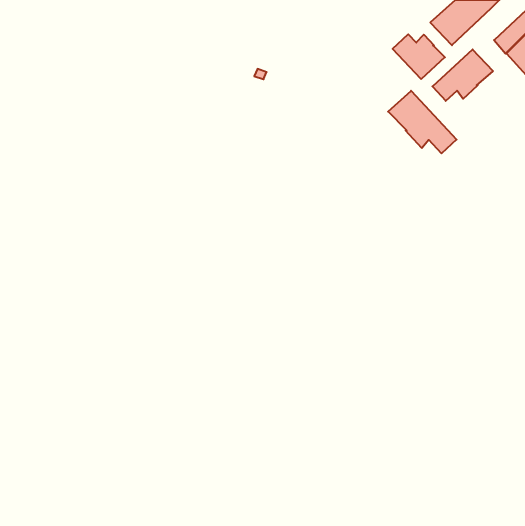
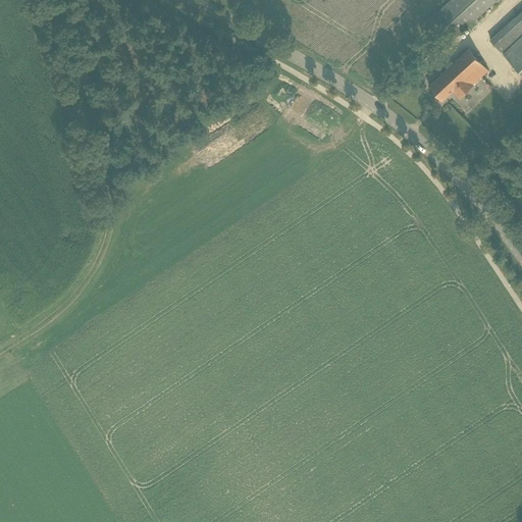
building: [393,34,445,79] -> none
building: [388,91,457,153] -> none

